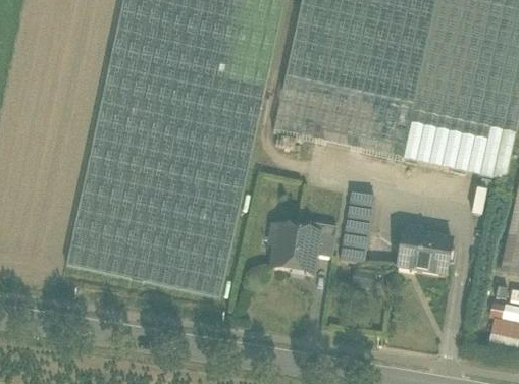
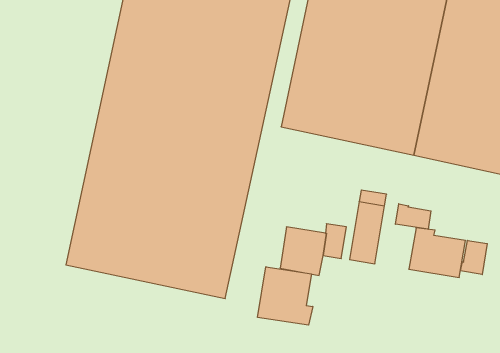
building: none -> [395,204,431,229]
building: none -> [460,240,487,275]
building: none -> [258,267,313,325]

